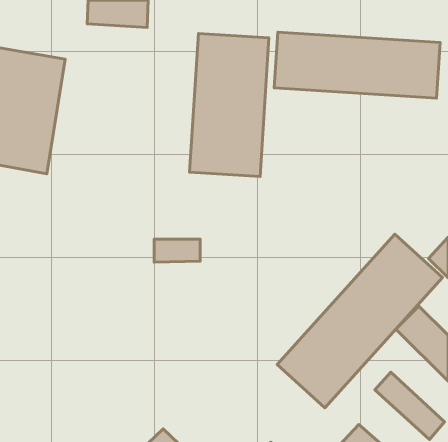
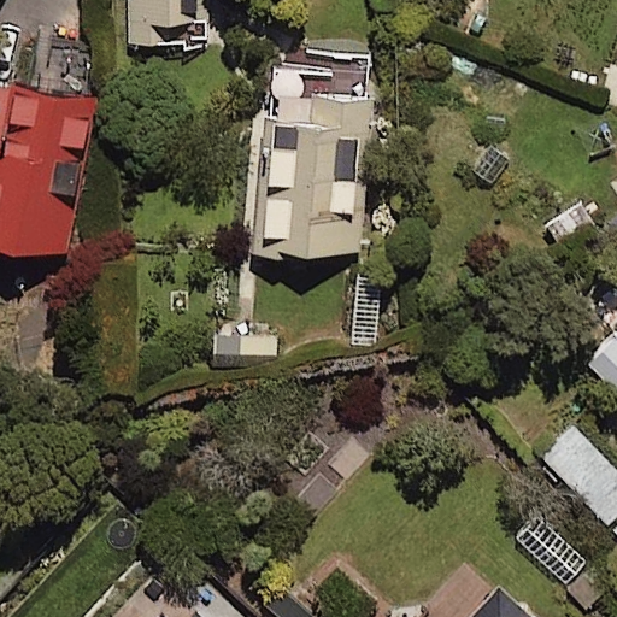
building: [274,32,440,98] -> none
building: [277,234,443,408] -> none

